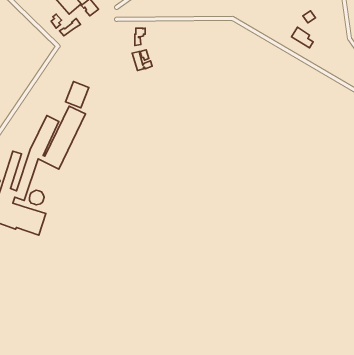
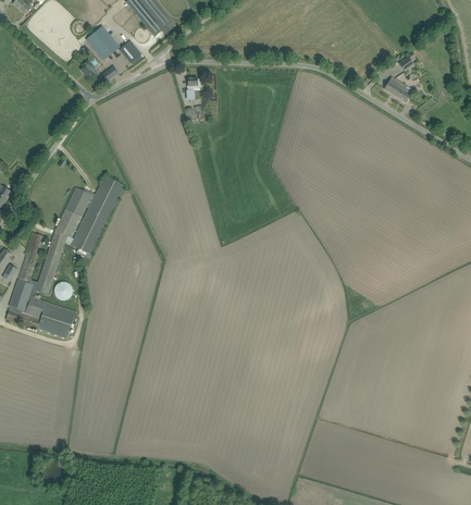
building: [66,81,89,108] -> none

